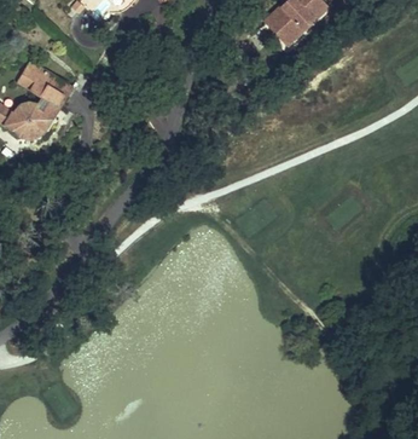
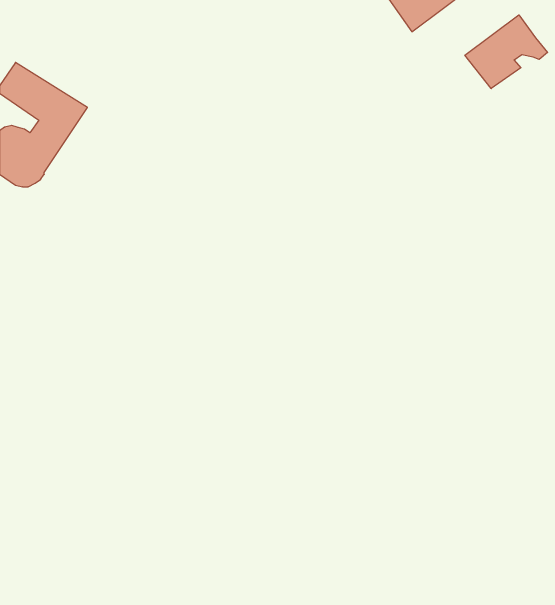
building: none -> [465,15,548,89]

